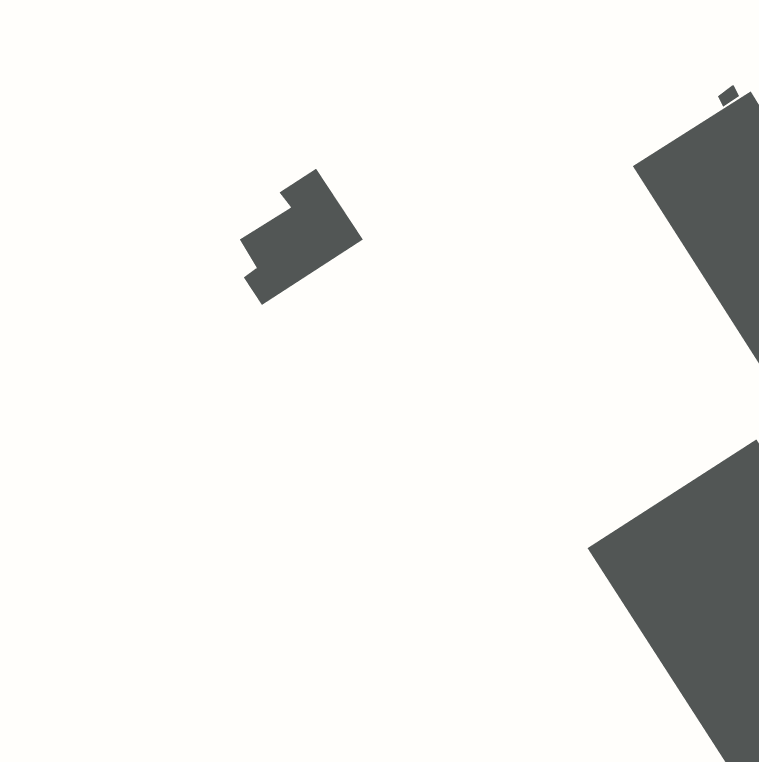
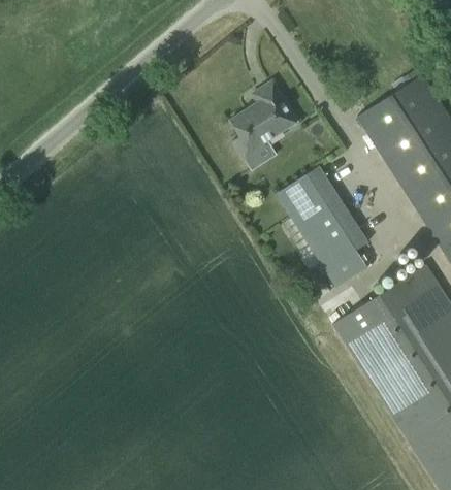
building: [239,168,364,306] -> [232,81,300,157]
building: none -> [279,167,369,288]

